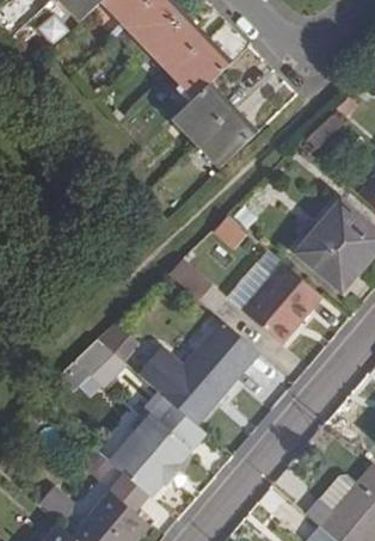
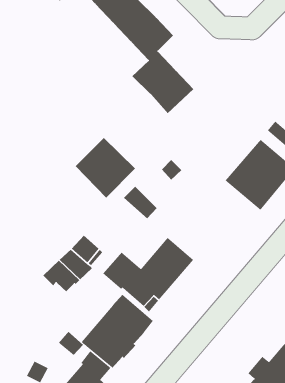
building: none -> [75,137,136,198]
building: [236,266,316,348] -> none

